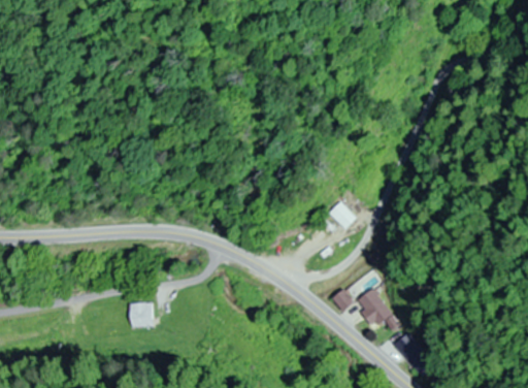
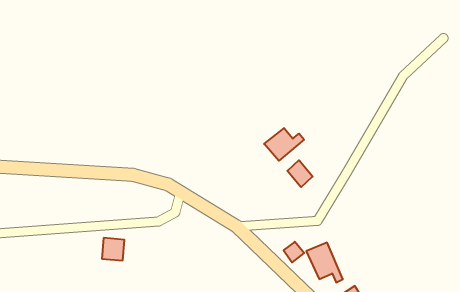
building: none -> [264,128,304,161]

